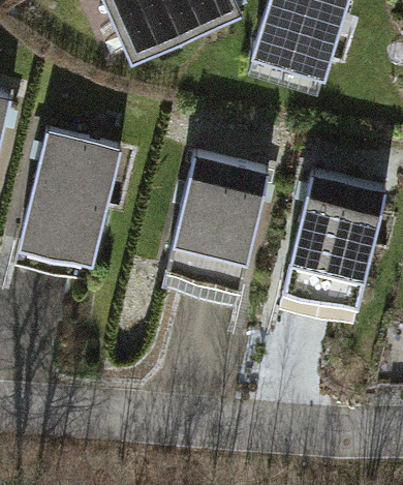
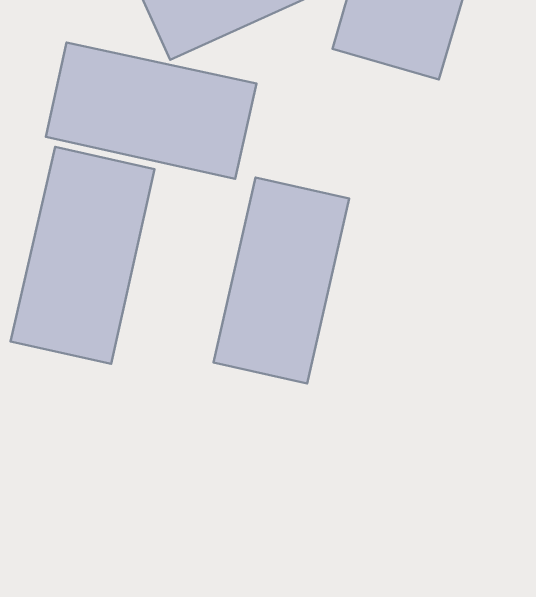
building: none -> [46,43,256,179]
building: [284,169,382,321] -> none

